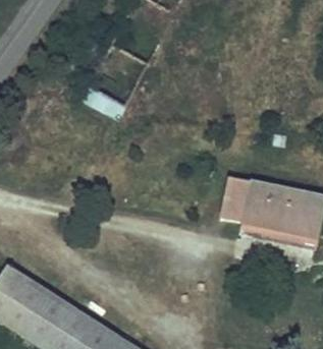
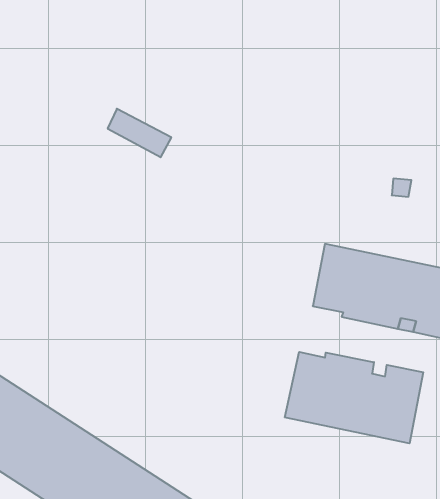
building: none -> [285,352,423,443]

